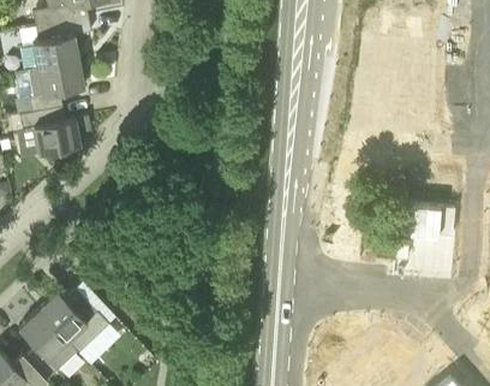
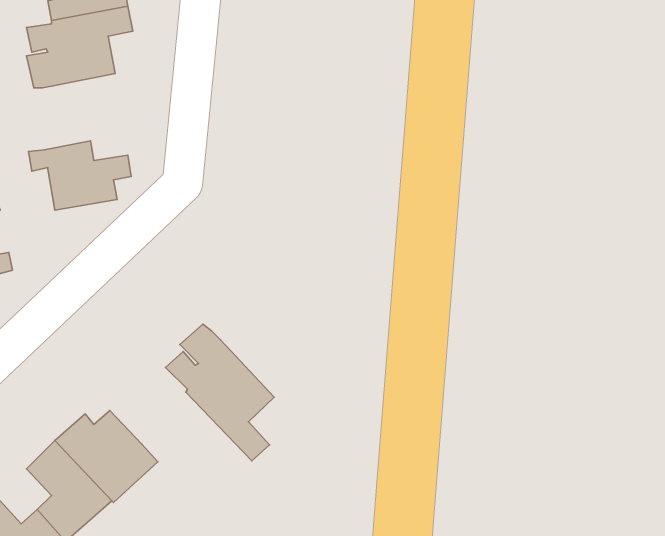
building: [29,61,84,113] -> none
building: none -> [165,324,274,461]

